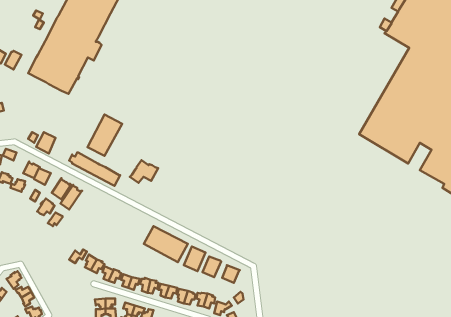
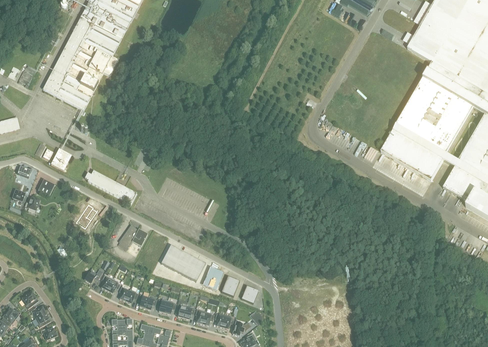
building: [88,114,122,156] -> none
building: [130,160,158,183] -> [119,225,148,248]

